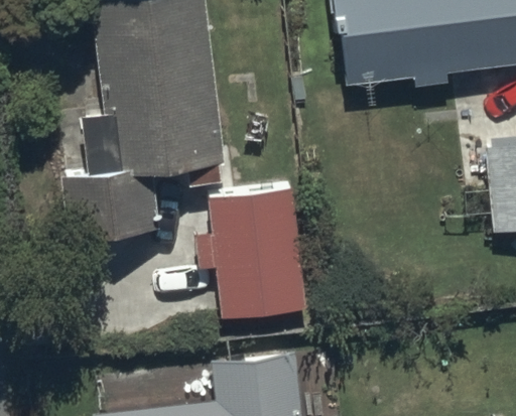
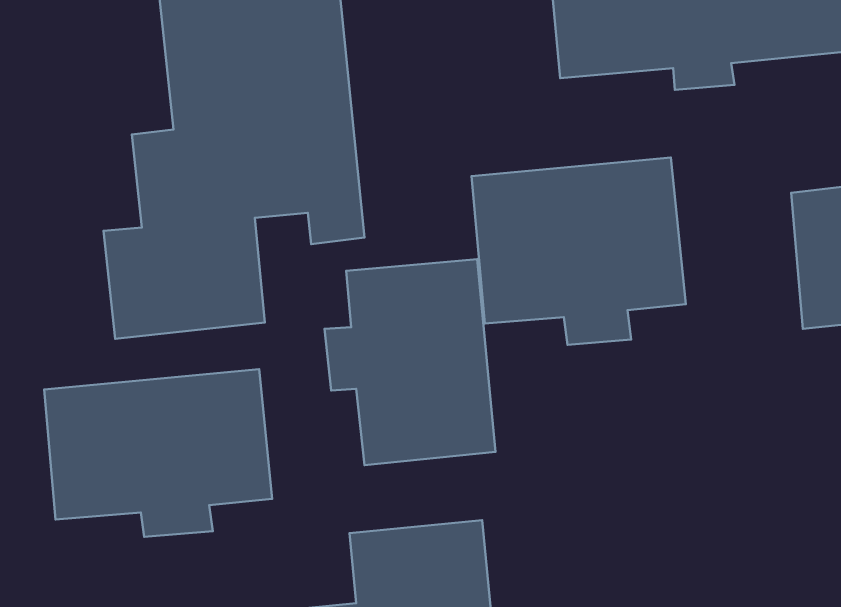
building: none -> [472,157,686,345]
building: none -> [44,369,272,537]

